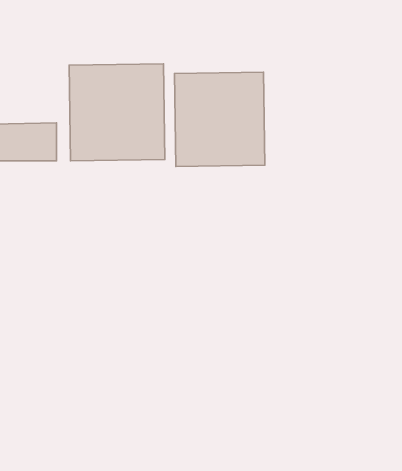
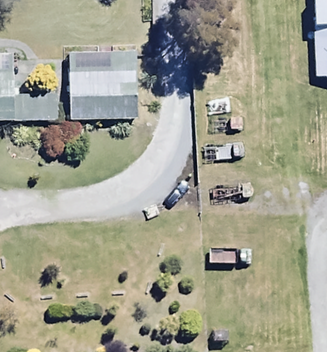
building: [174,72,265,167] -> none

